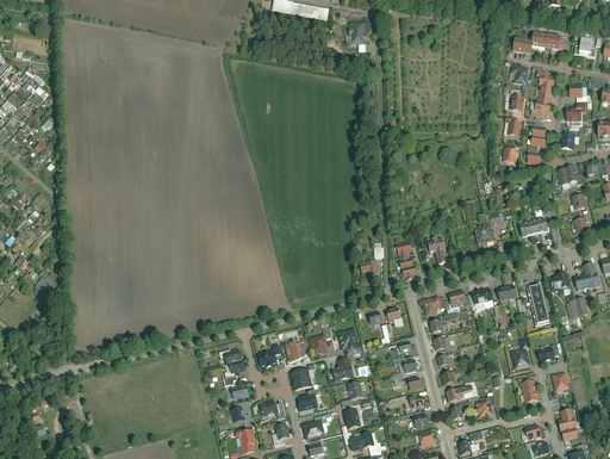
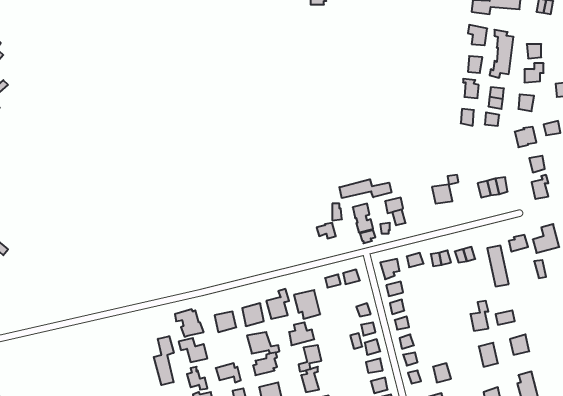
building: none -> [339,179,391,198]
building: none -> [154,336,174,385]

